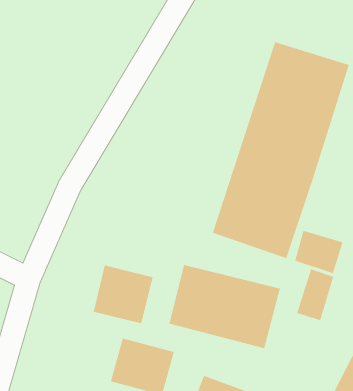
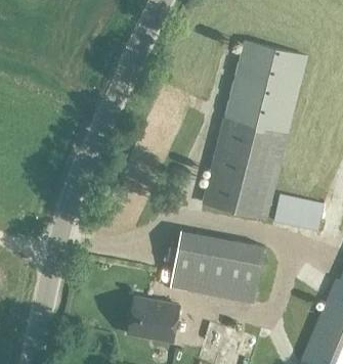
building: [93,265,153,324] -> none
building: [296,268,334,321] -> none

